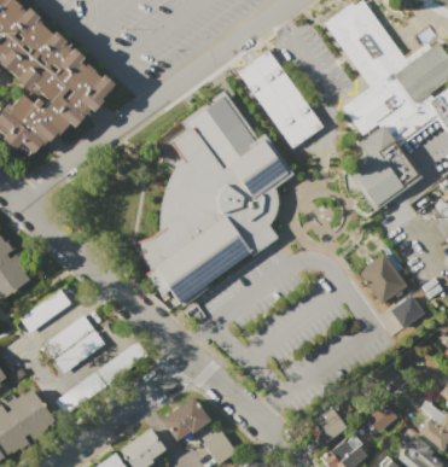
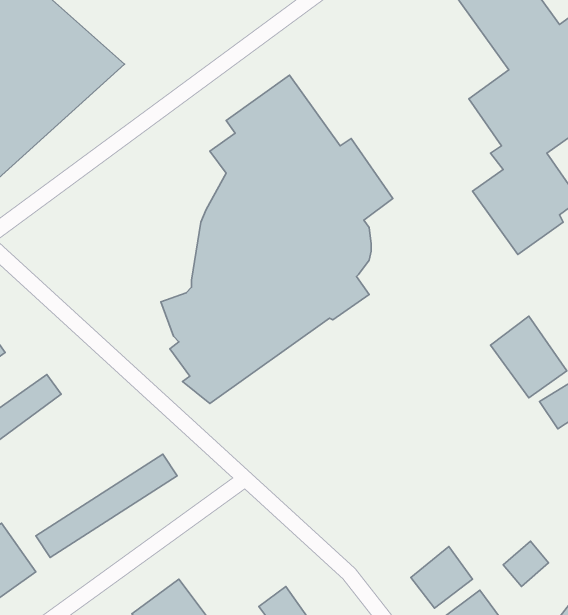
building: [238,48,322,147] -> none
building: [45,316,104,372] -> none
building: [159,396,210,443] -> none

